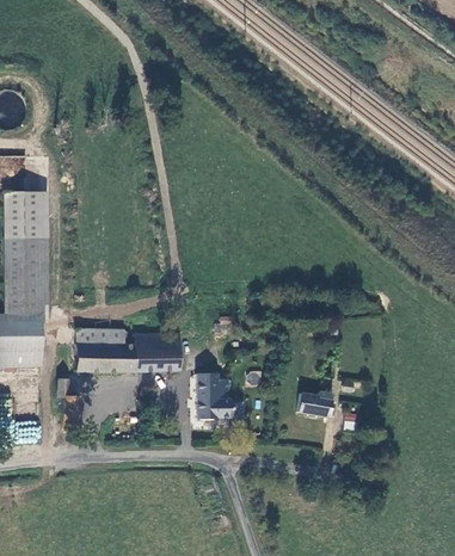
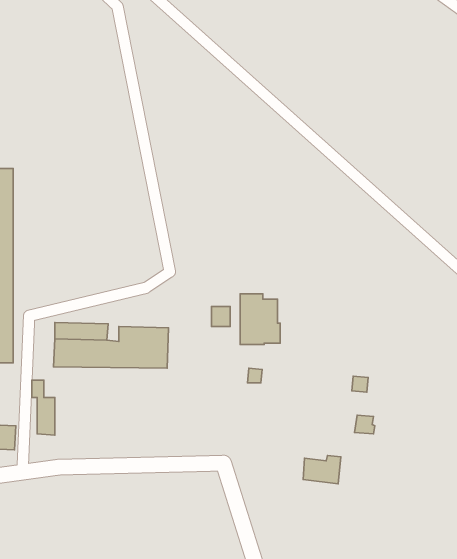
building: [197,373,233,419] -> [240,294,280,345]
building: [299,391,332,416] -> [303,456,341,484]

